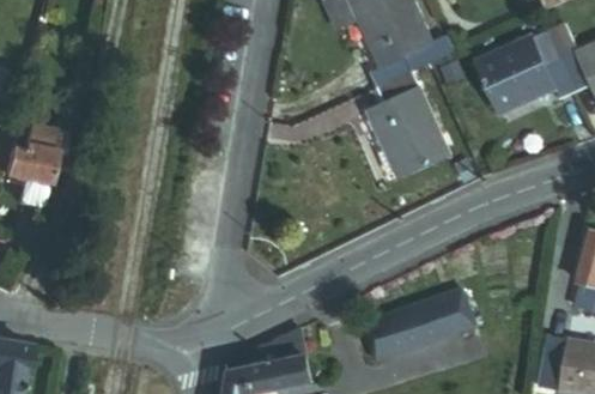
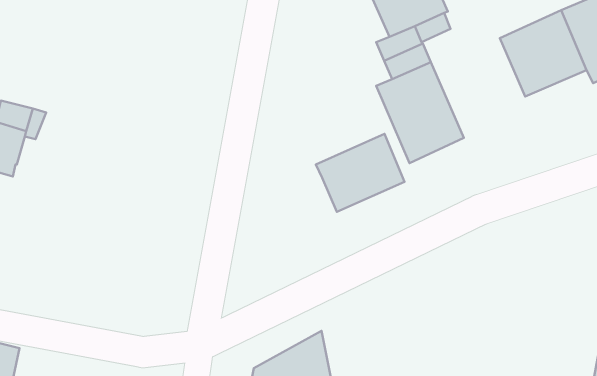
building: none -> [316,134,404,212]
building: [382,284,506,359] -> none

